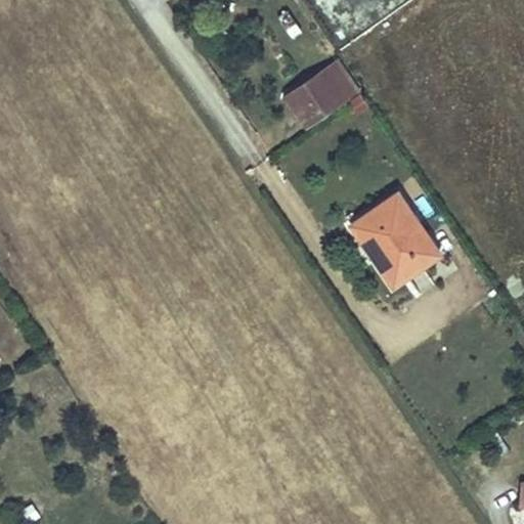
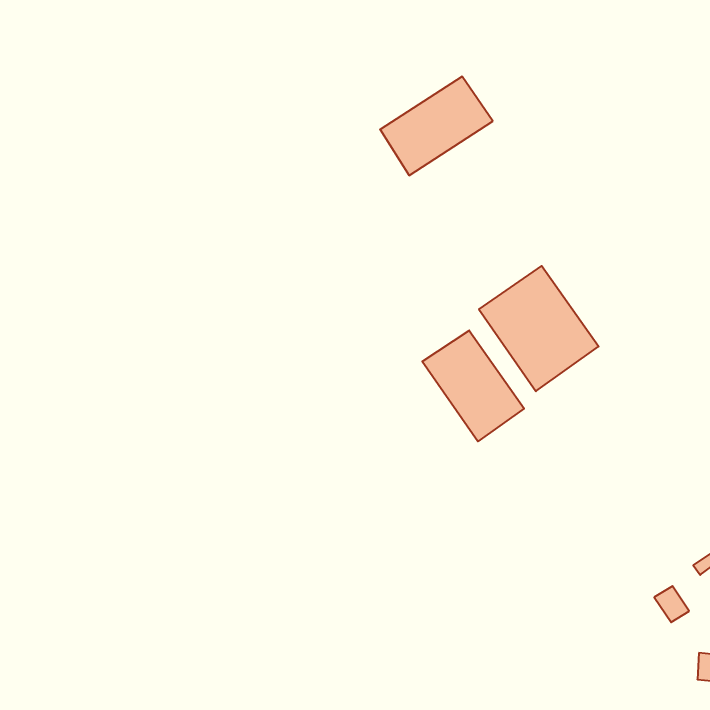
building: none -> [422,330,524,441]

